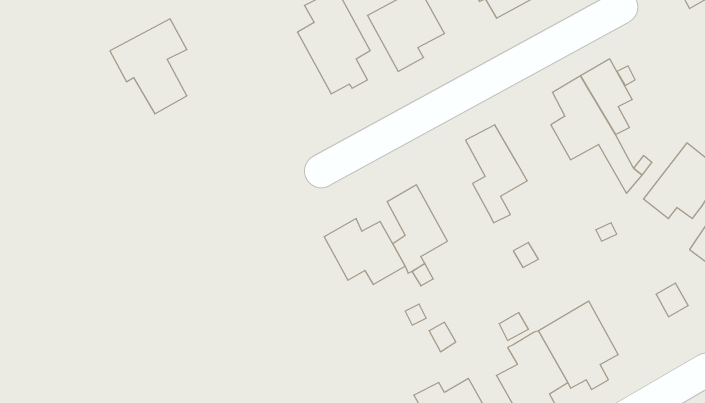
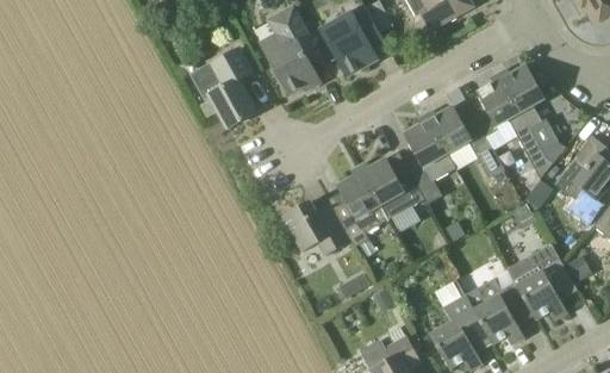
building: [110,19,187,114] -> [191,45,256,126]
building: none -> [429,105,505,179]
building: none -> [362,151,425,218]
building: none -> [508,242,578,319]

